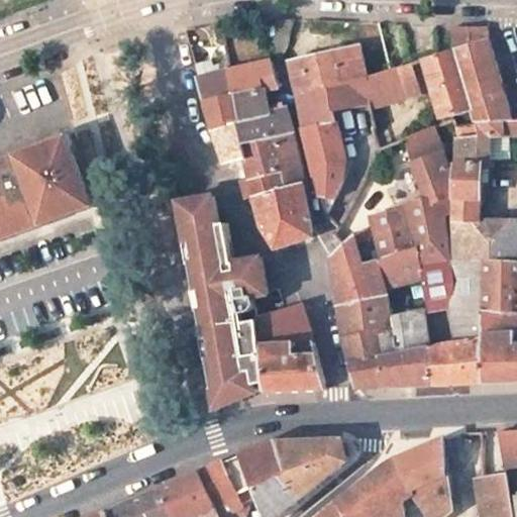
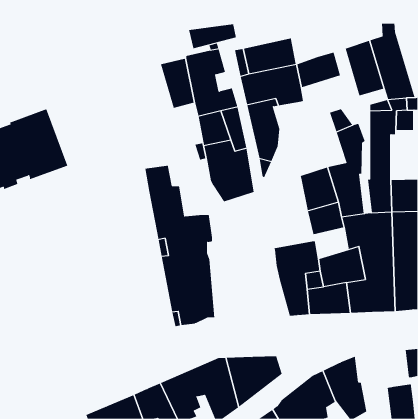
building: none -> [188,23,237,49]
building: [213,126,246,166] -> none
building: [329,235,386,305] -> none
building: [258,307,324,391] -> none

